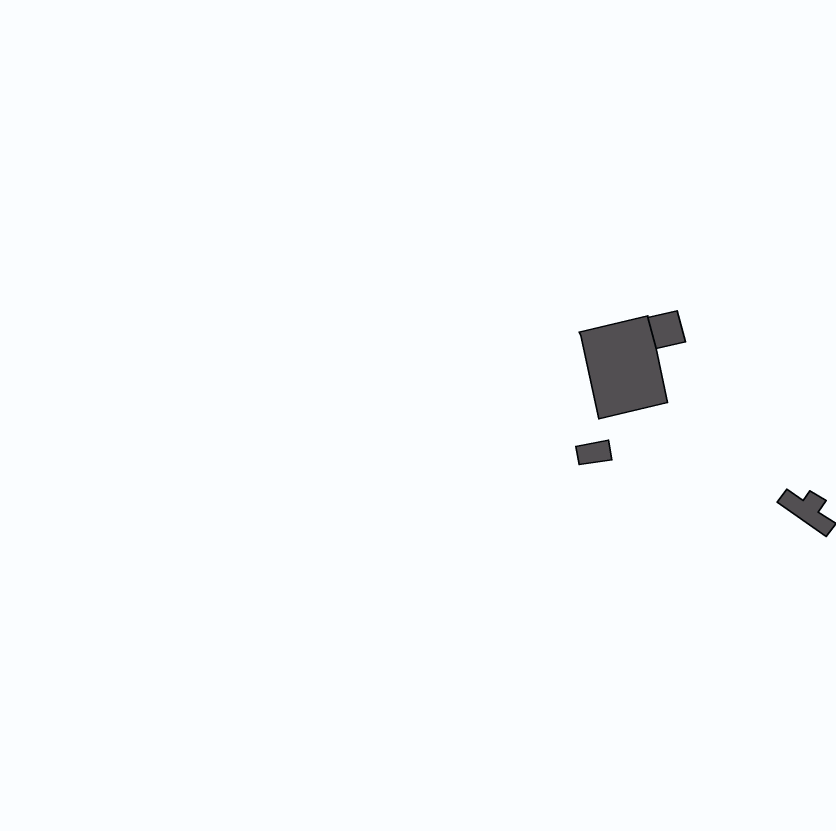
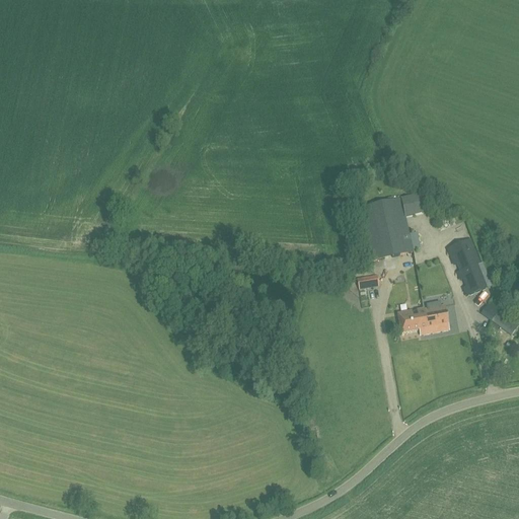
building: none -> [448,238,485,295]
building: none -> [398,305,448,332]

